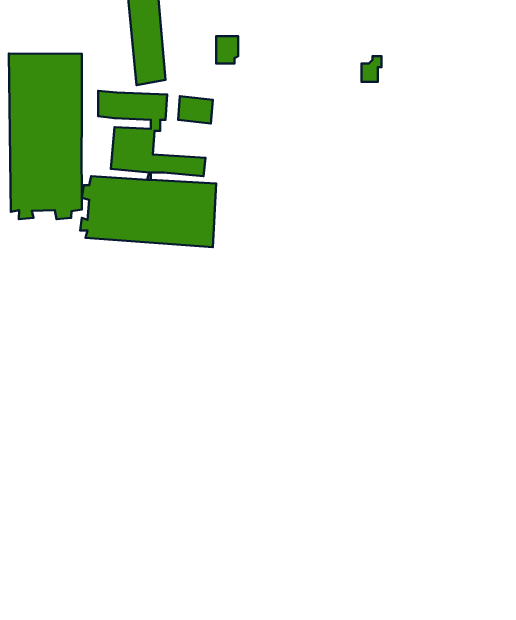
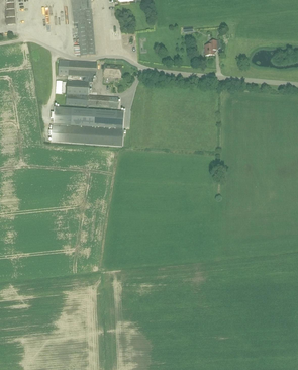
building: [9,54,82,219] -> none

